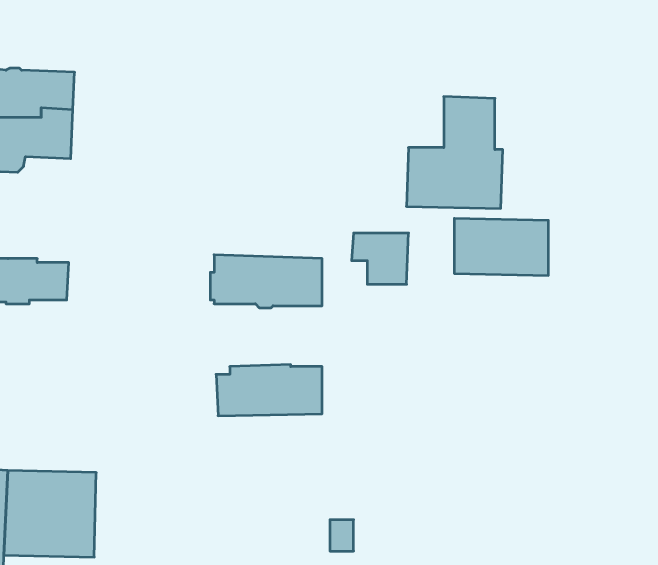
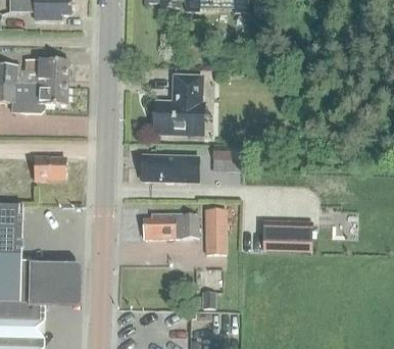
building: [406,97,503,208] -> [154,76,204,134]
building: [454,218,548,275] -> [263,220,312,250]
building: none -> [204,208,226,254]

